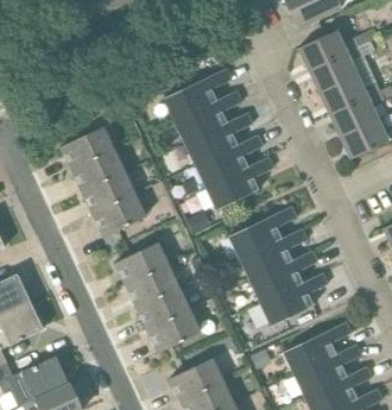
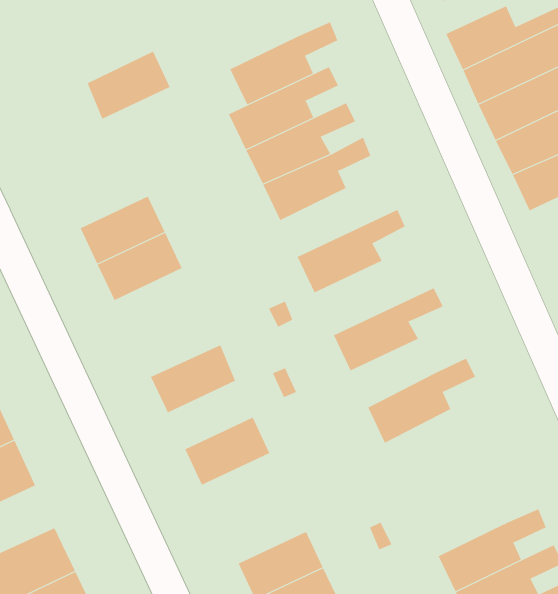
building: [61,126,113,169] -> [87,51,171,119]
building: [195,134,268,187] -> [230,21,348,105]
building: [91,194,145,236] -> none
building: [239,228,306,280] -> none
building: [125,264,178,307] -> none
building: [260,272,328,324] -> none
building: [146,309,200,352] -> none
building: [283,321,350,373] -> none

